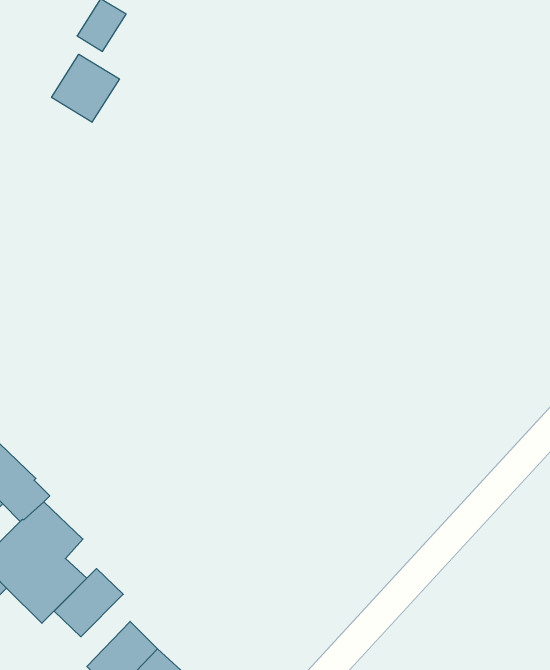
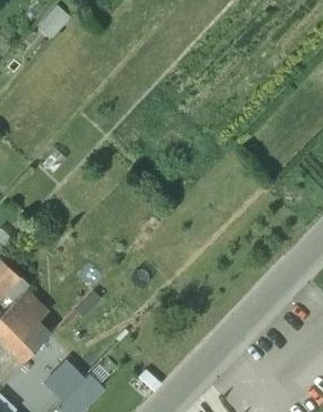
building: [52,54,119,122] -> none
building: [54,569,123,637] -> none

